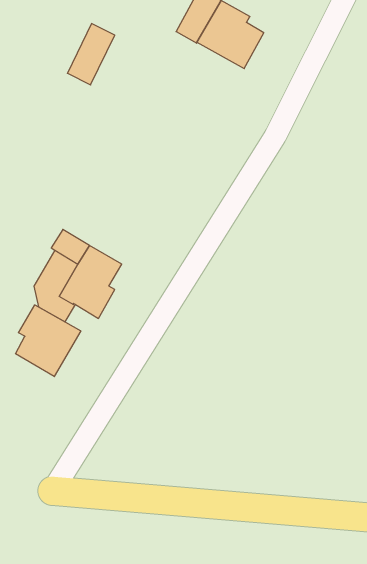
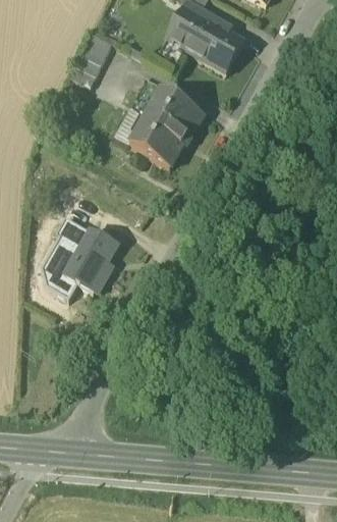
building: none -> [131,86,205,164]
building: [16,305,81,377] -> none

